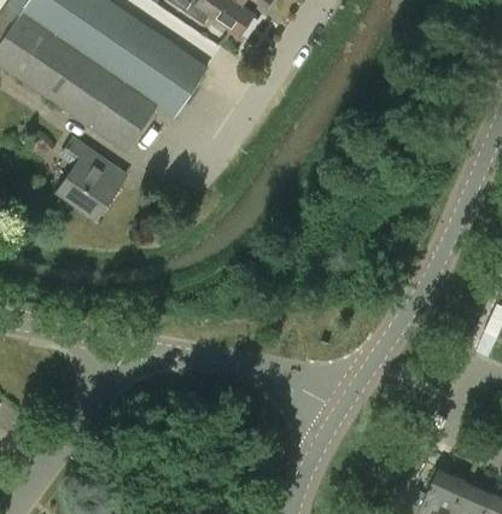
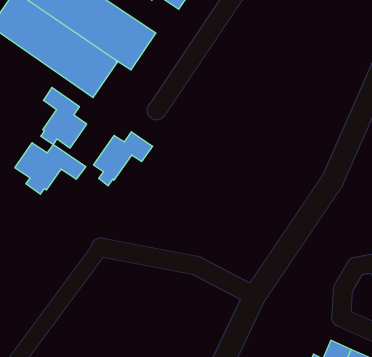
building: none -> [94,132,153,186]
building: none -> [15,143,86,194]

